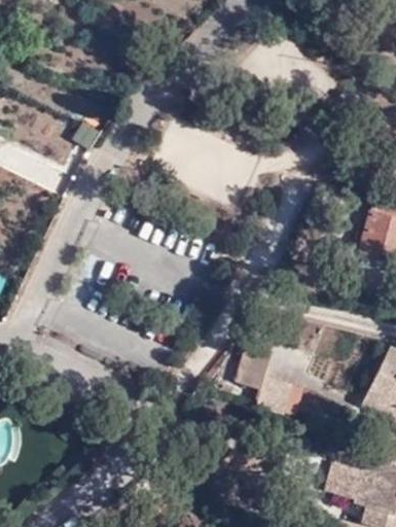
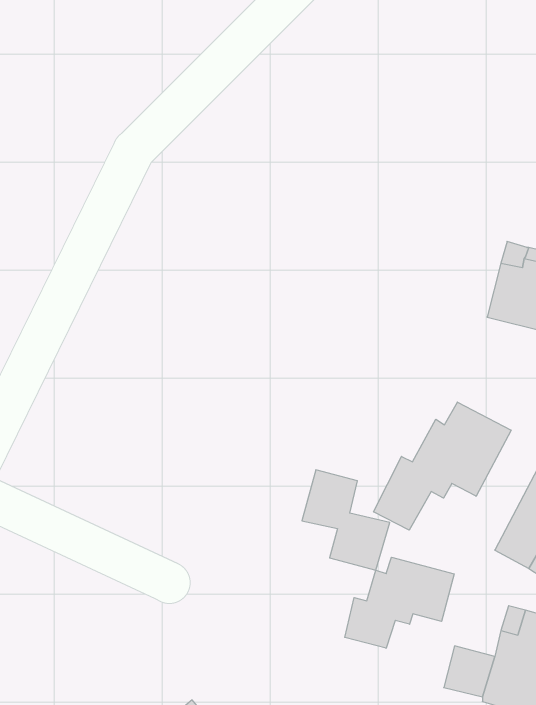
building: none -> [374,402,511,530]
building: none -> [345,557,454,648]

